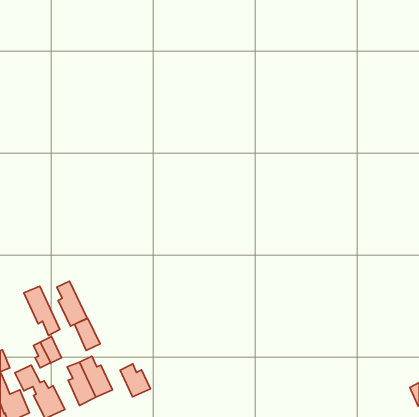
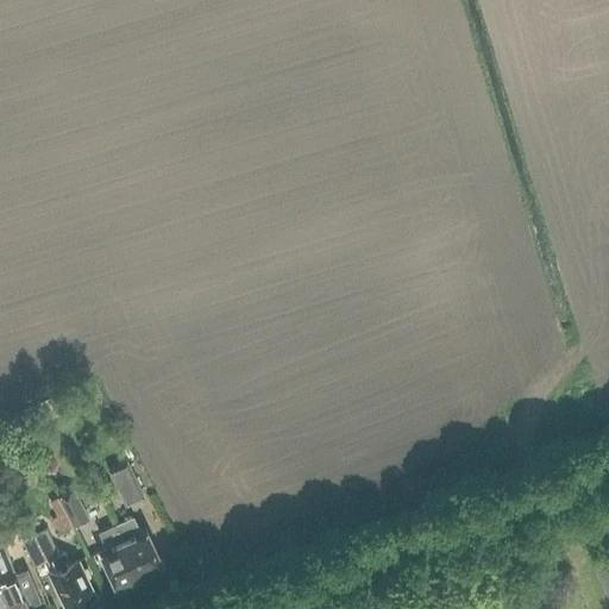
building: [57,281,87,326] -> none
building: [24,286,60,336] -> none
building: [120,364,151,397] -> none

